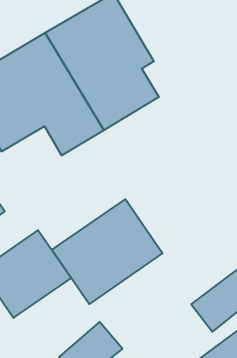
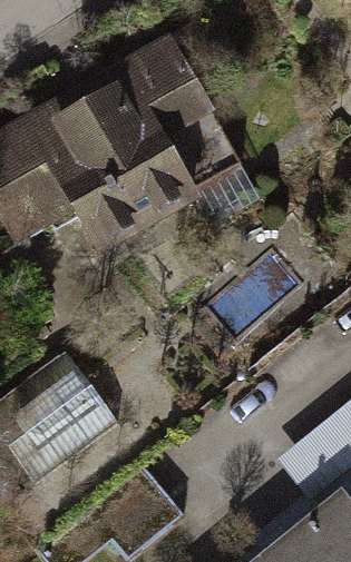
building: [52,199,162,304] -> none

